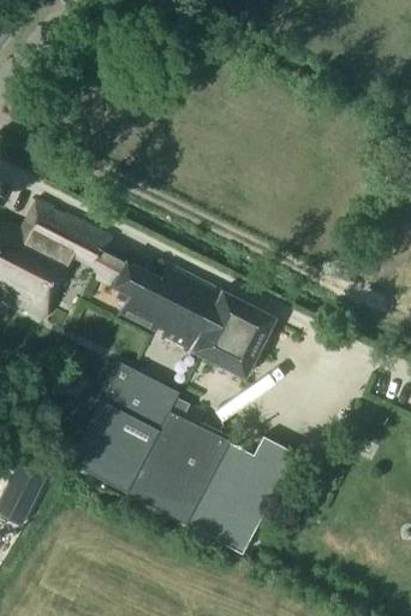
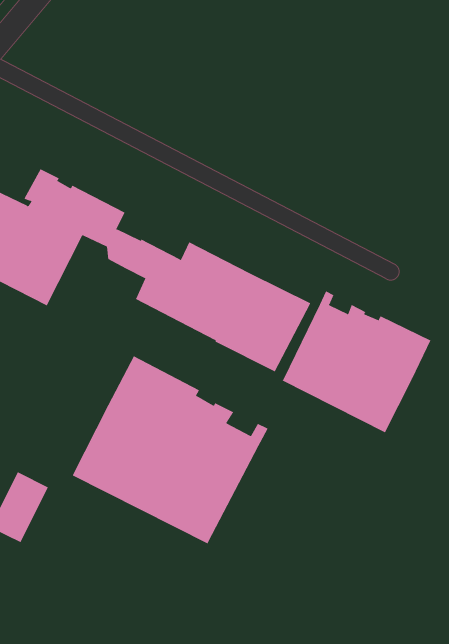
building: none -> [282,291,431,433]
building: [186,436,296,552] -> none

